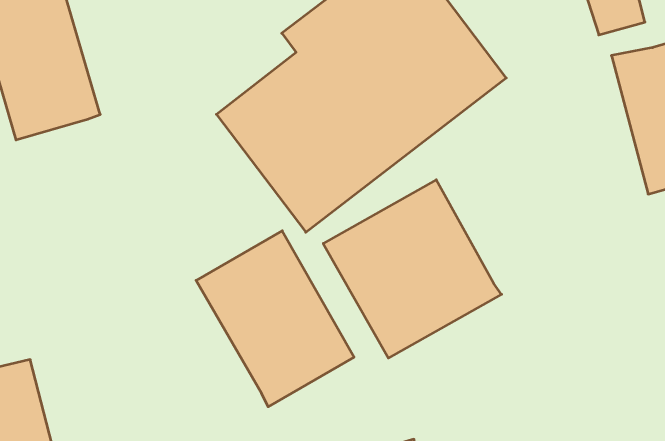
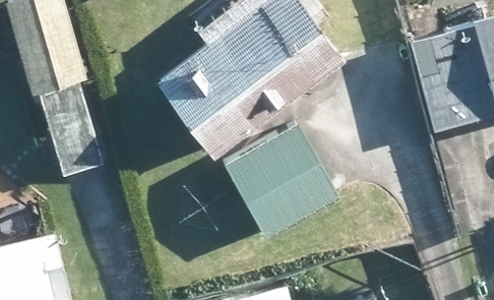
building: [196,231,354,407] -> none

